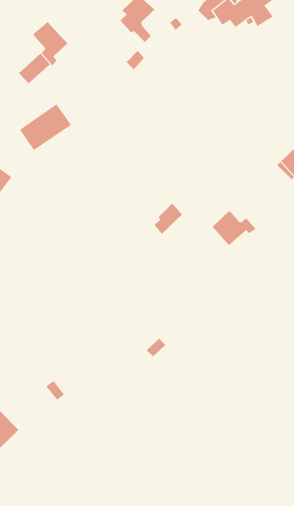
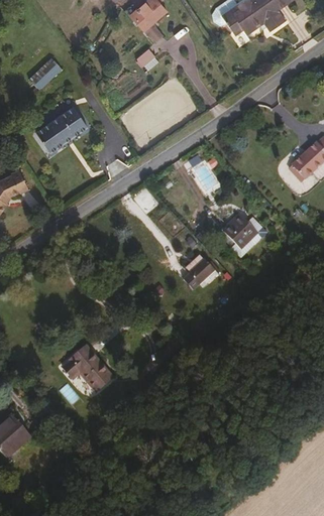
building: [33,21,68,66] -> none
building: [153,202,183,235] -> [184,257,213,289]
building: none -> [62,346,111,392]

